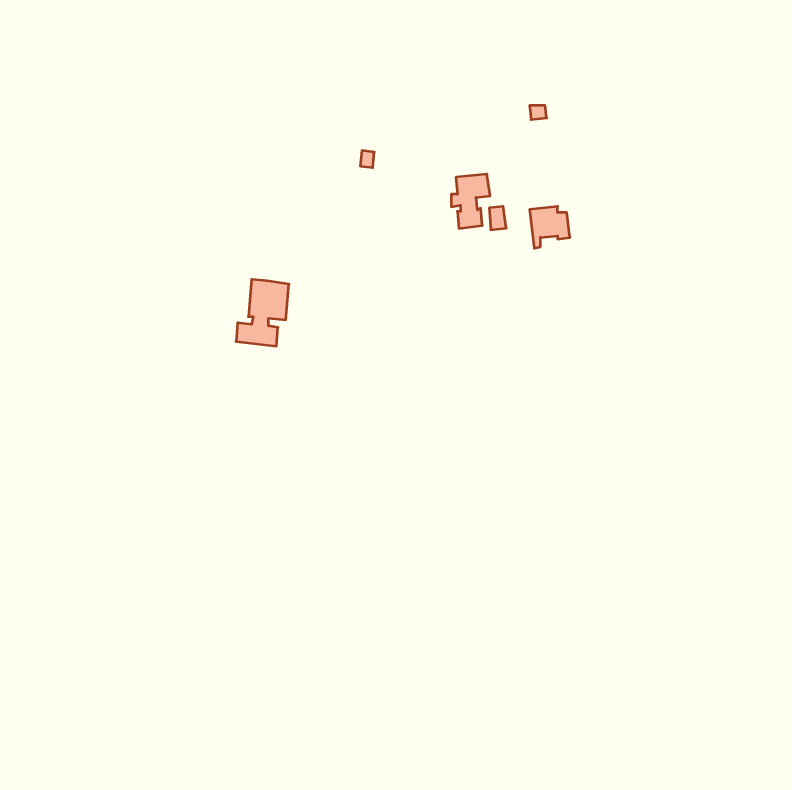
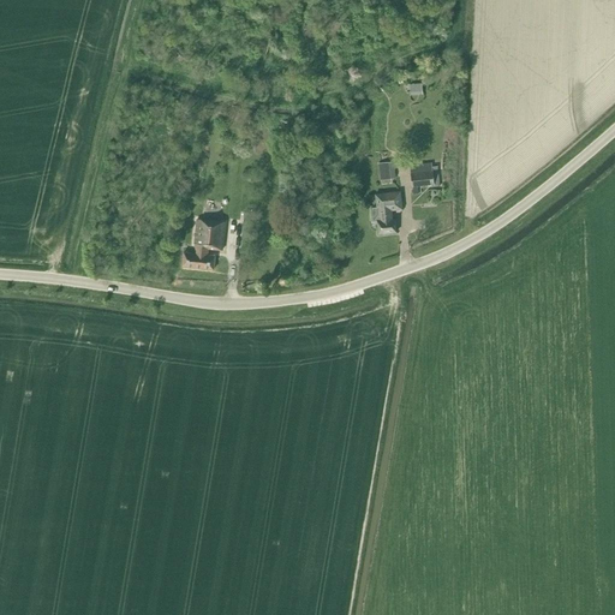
building: [451,174,490,228] -> [374,190,404,232]

